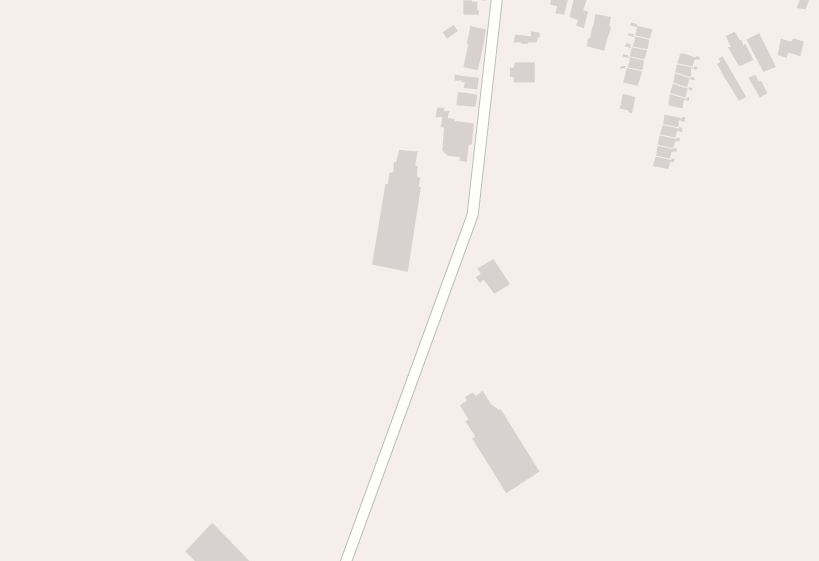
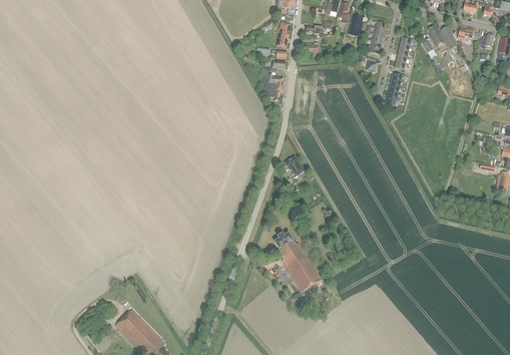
building: [371,149,422,273] -> none

